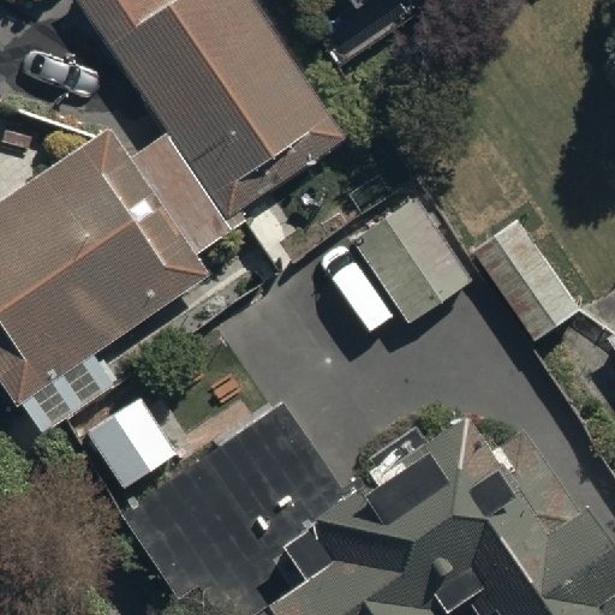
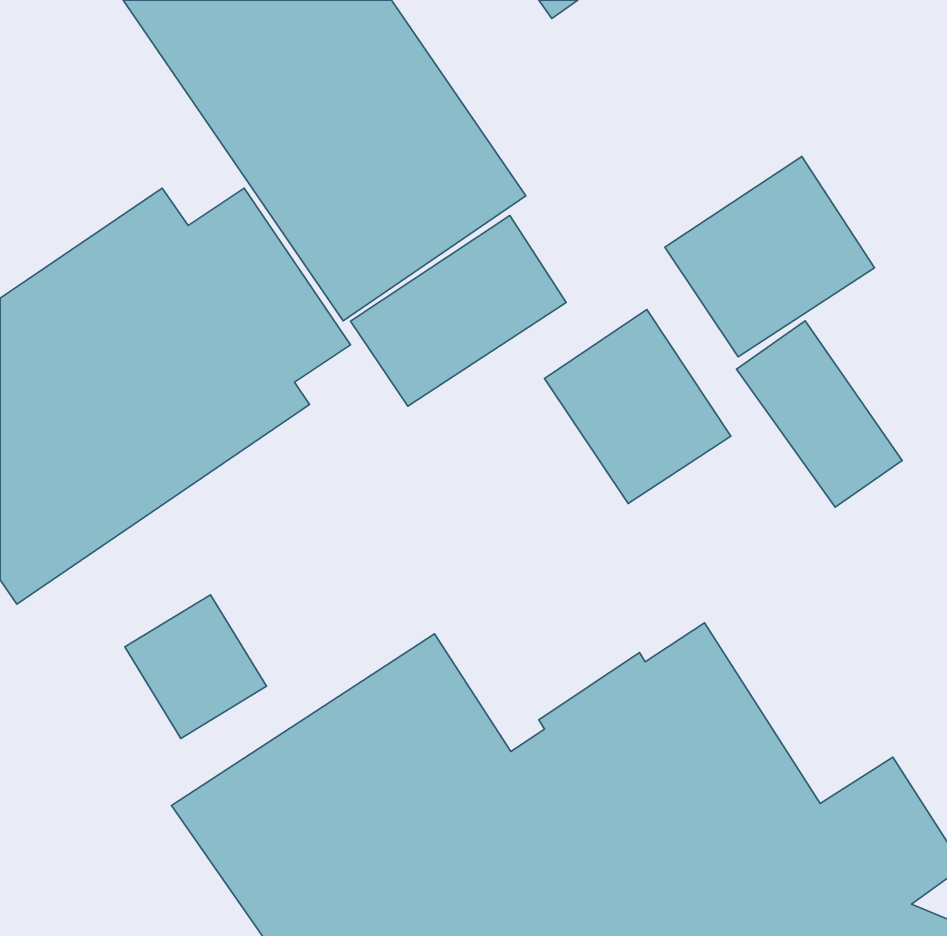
building: none -> [665,156,874,357]
building: none -> [350,215,566,406]

